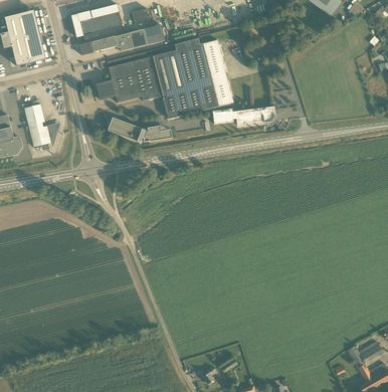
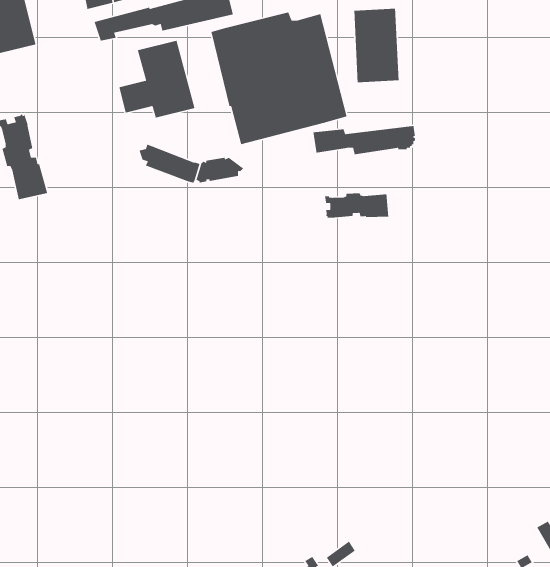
building: none -> [353,8,399,83]
building: [130,50,161,101] -> none
building: none -> [324,193,389,220]

